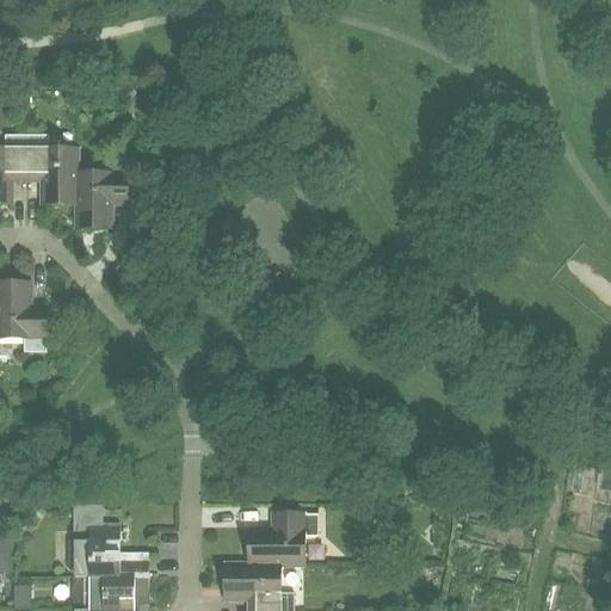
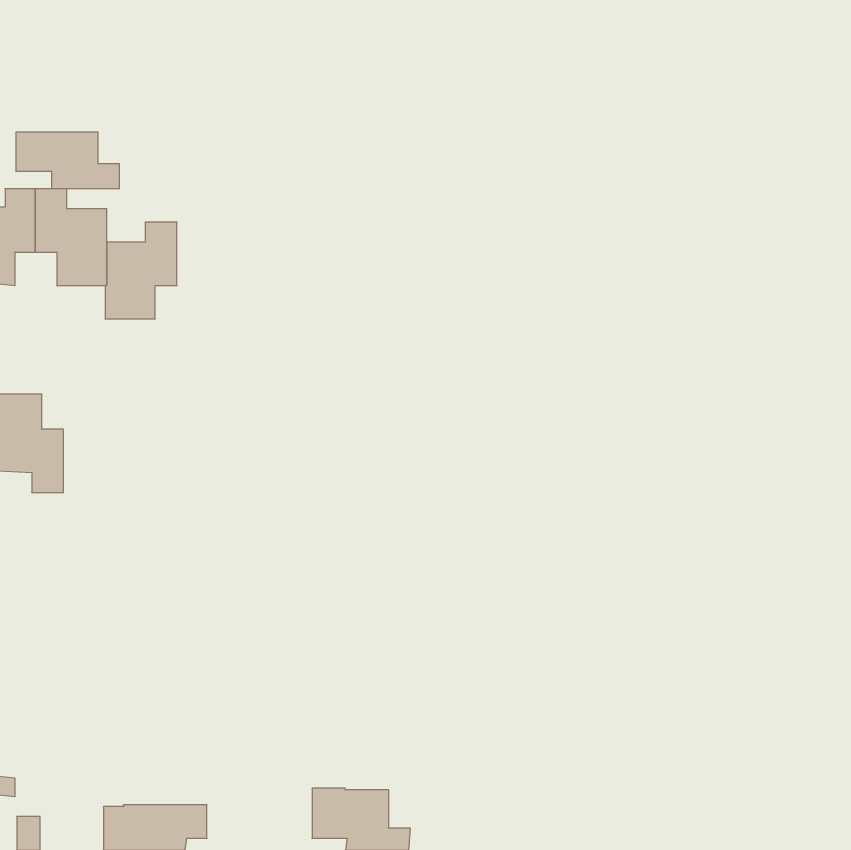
building: none -> [16,132,119,189]
building: [247,514,317,566] -> none
building: [74,524,148,576] -> none

